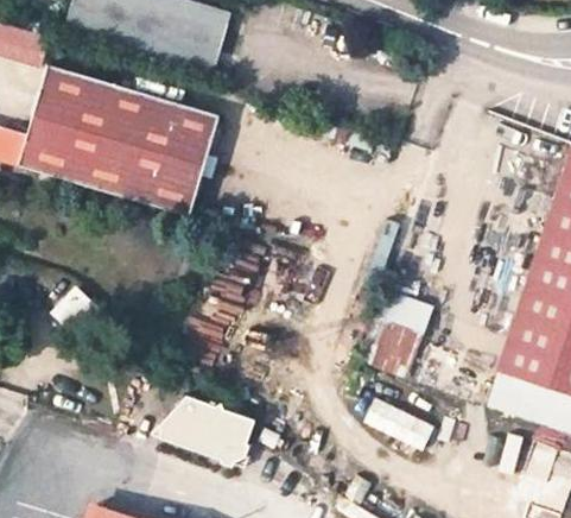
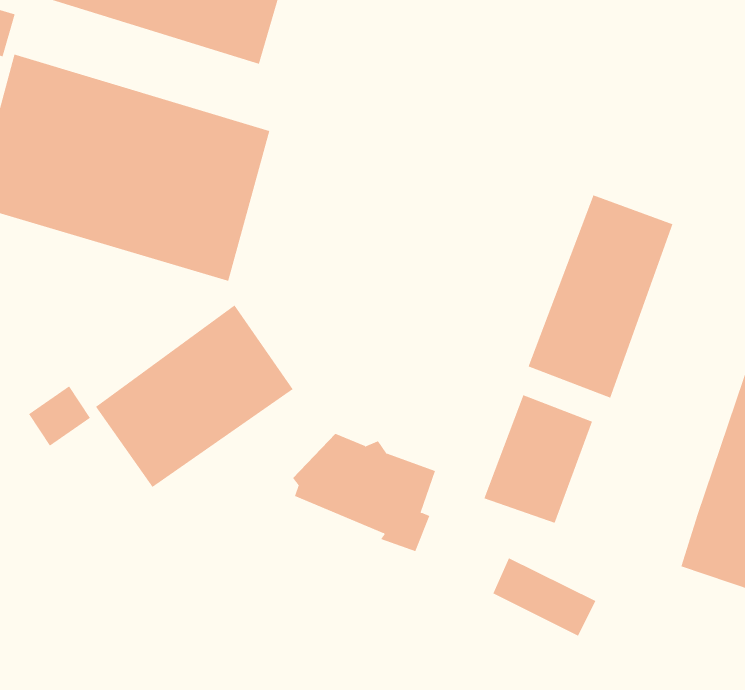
building: none -> [528,194,673,398]
building: none -> [95,304,294,488]
building: [156,397,250,475] -> [292,433,436,552]

